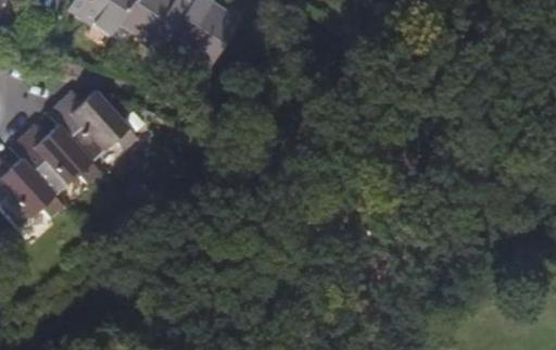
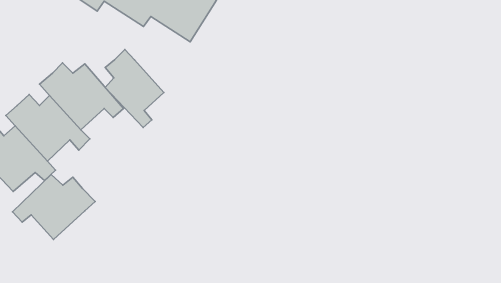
building: none -> [105,50,164,128]
building: none -> [12,174,95,239]

